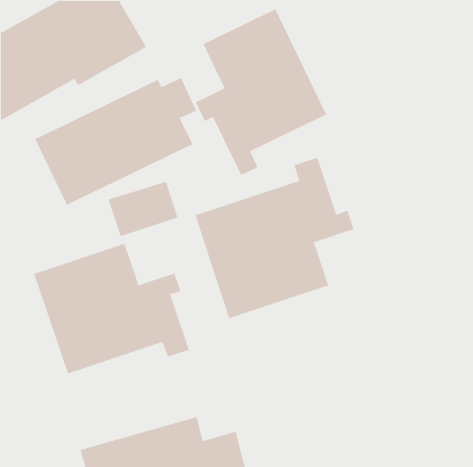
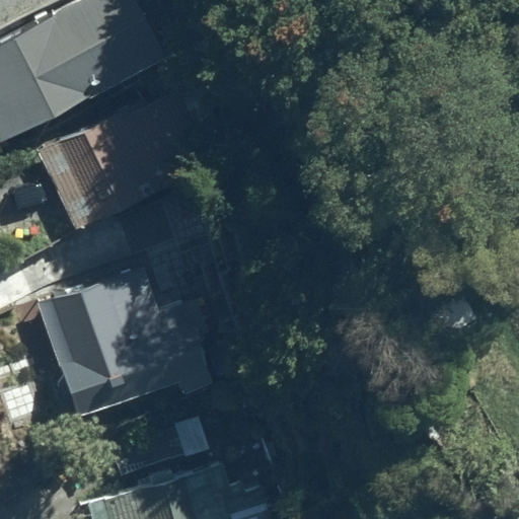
building: [195,8,327,176] -> none
building: [195,157,354,319] -> none

